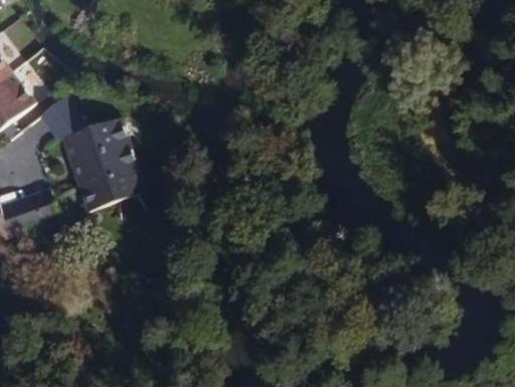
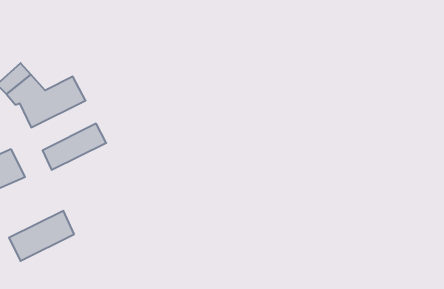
building: [67,143,135,189] -> [9,211,74,261]

